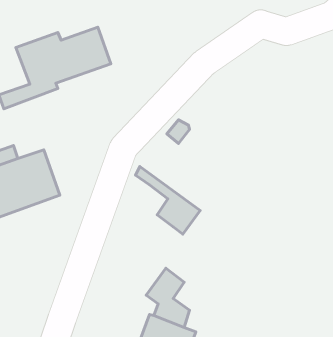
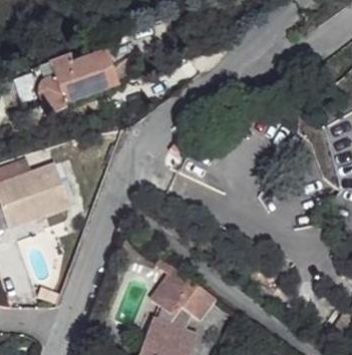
building: [136,166,200,234] -> [155,256,216,319]

